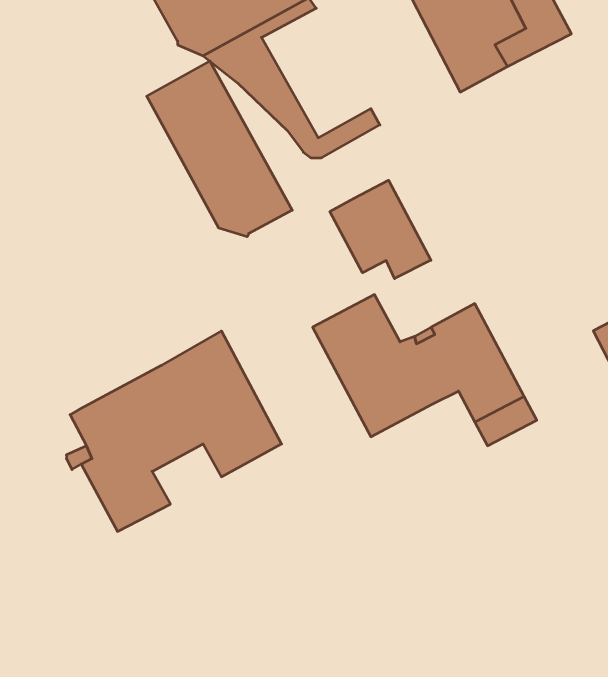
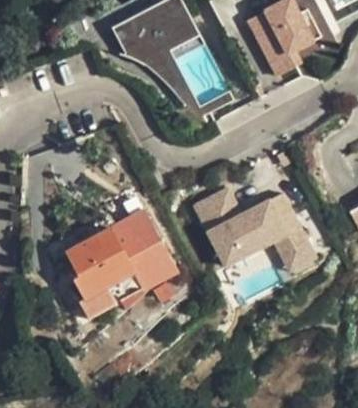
building: [147,61,292,237] -> none
building: [330,180,431,279] -> none

